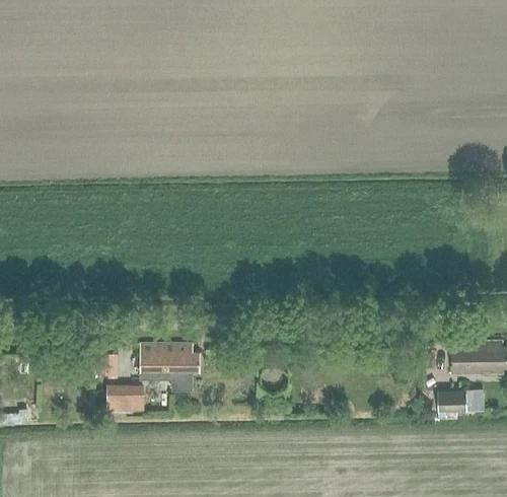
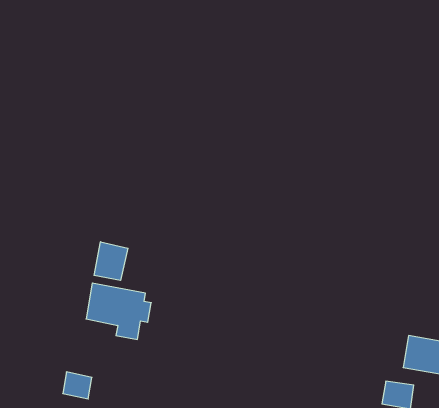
building: none -> [94,242,128,280]
building: [108,388,134,411] -> [63,372,92,399]

